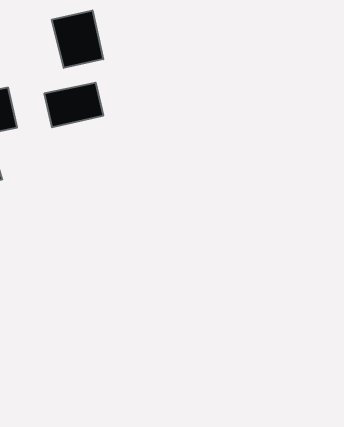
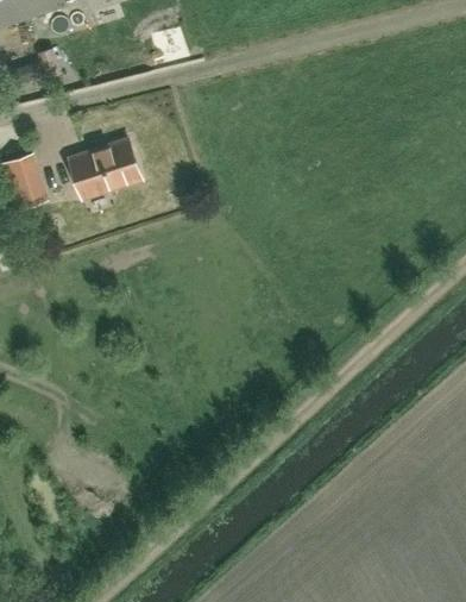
building: [52,10,103,68] -> none

